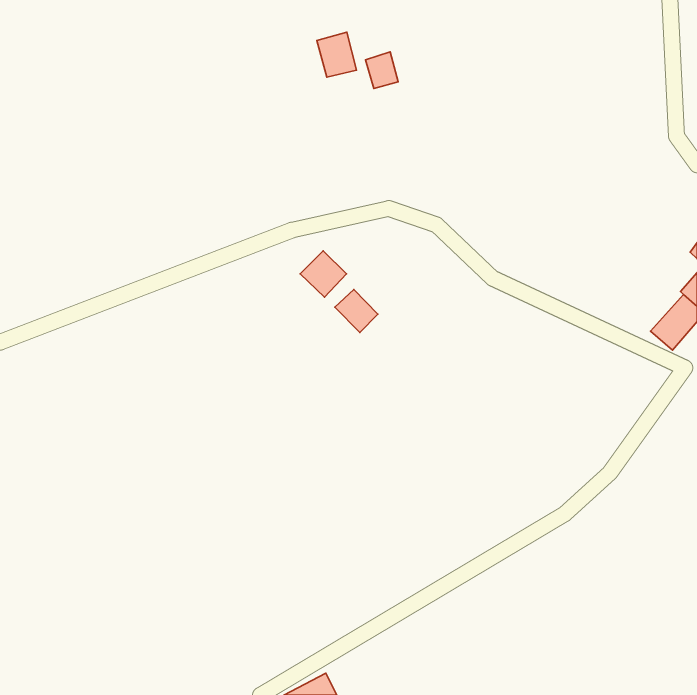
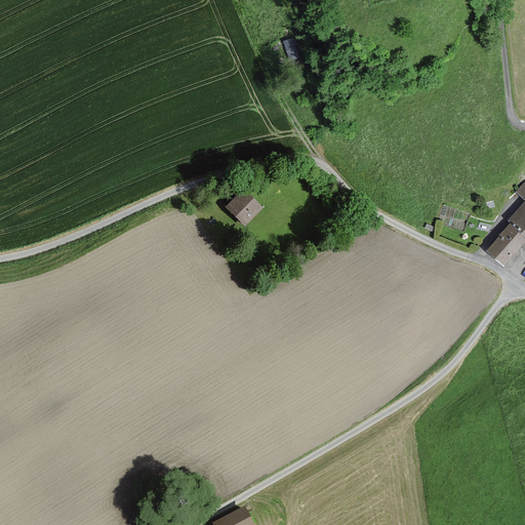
building: [317,32,356,77] -> none
building: [335,289,378,332] -> none

